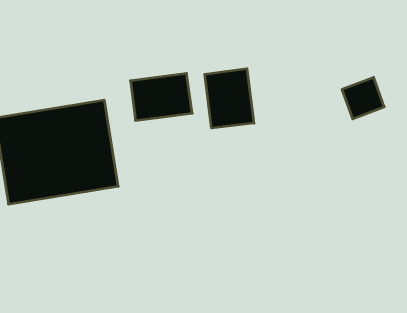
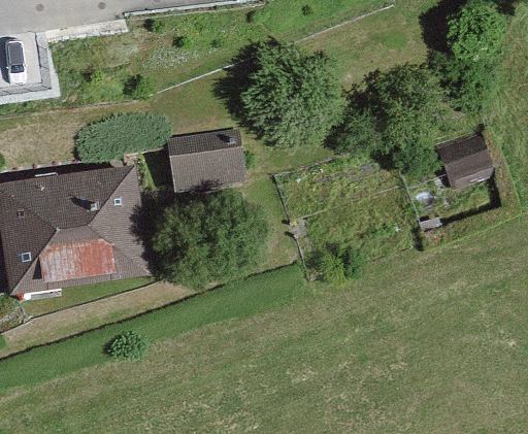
building: [205,69,254,128] -> none

